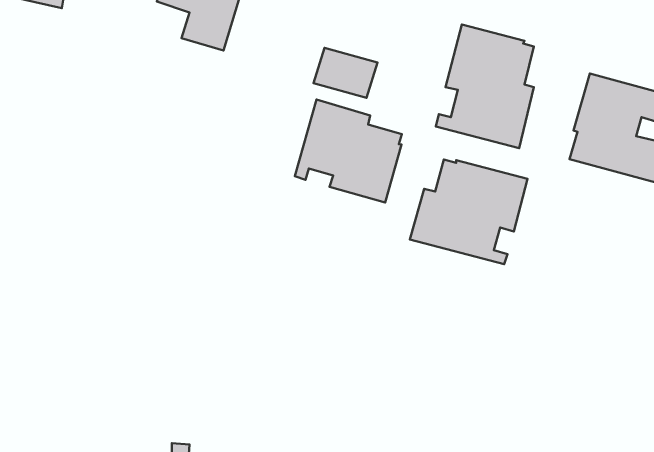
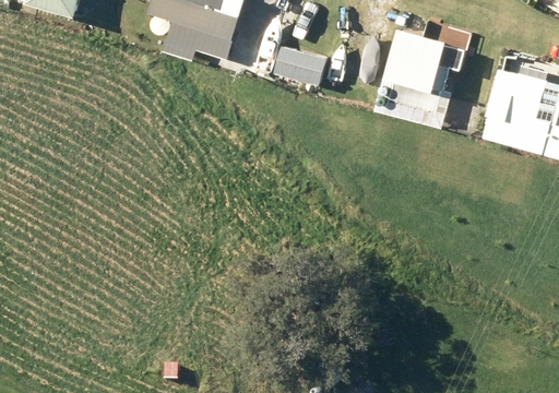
building: [295,99,402,202] -> none
building: [410,160,527,264] -> none

